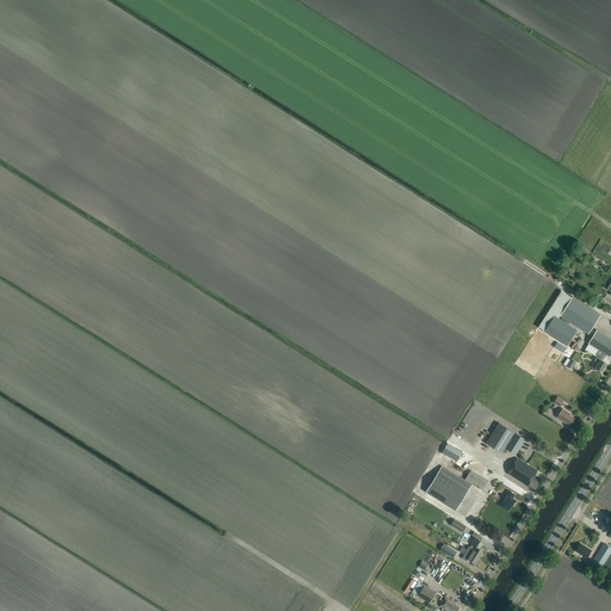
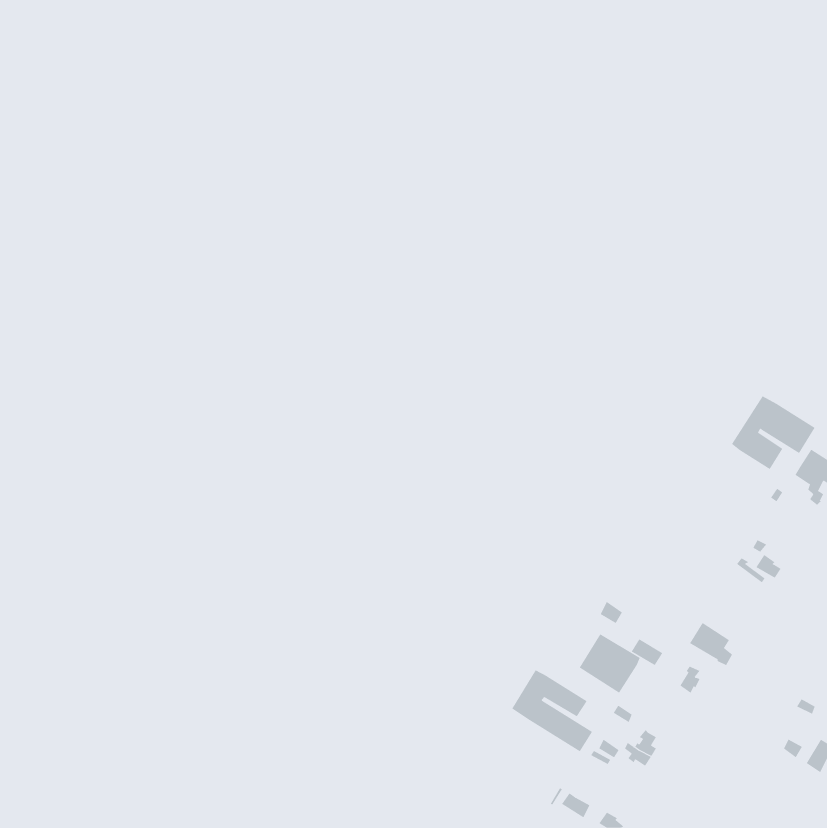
building: [487,424,526,455] -> none
building: none -> [511,670,593,752]

